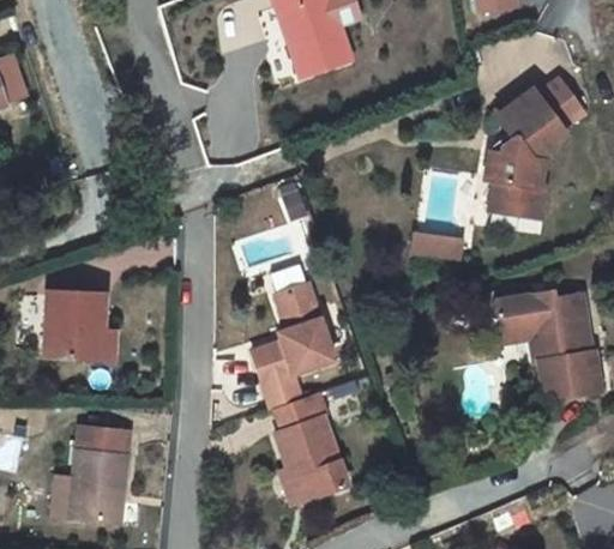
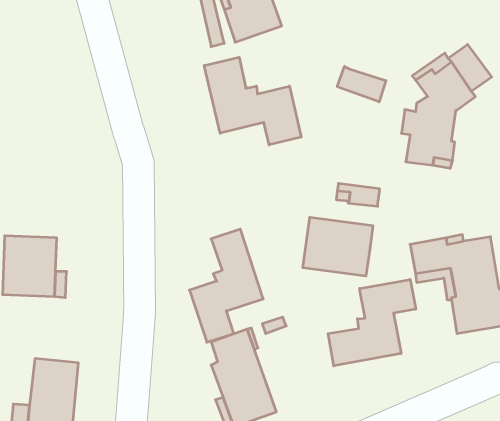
building: none -> [204,57,301,145]
building: none -> [337,66,386,102]
building: none -> [303,217,373,276]
building: none -> [328,279,416,366]

